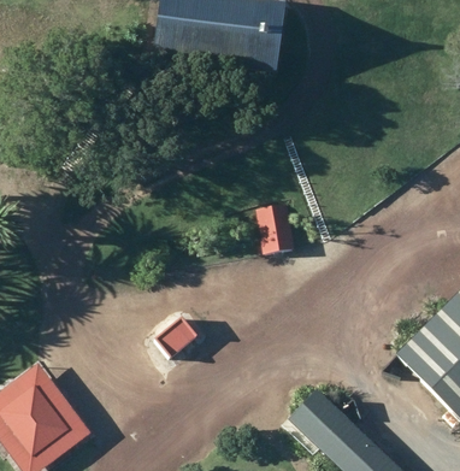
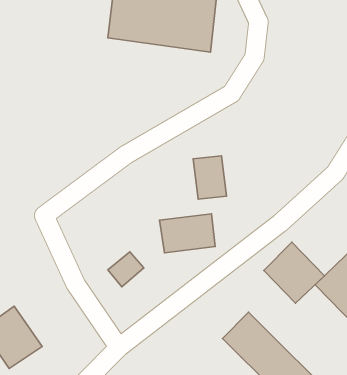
building: none -> [159,214,215,253]
building: none -> [264,242,324,303]

